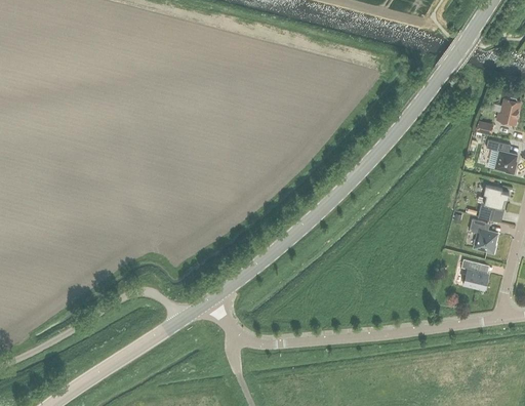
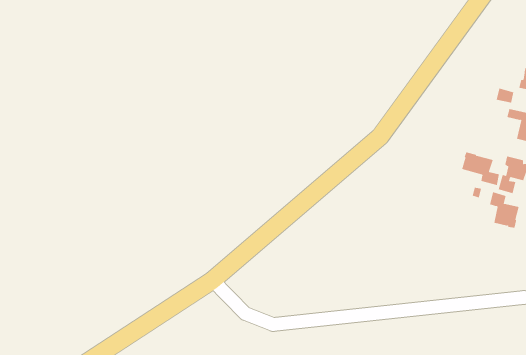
building: none -> [462,152,499,186]
building: [461,258,489,290] -> none

